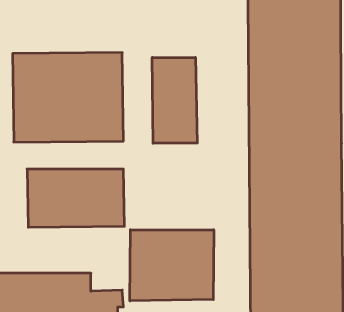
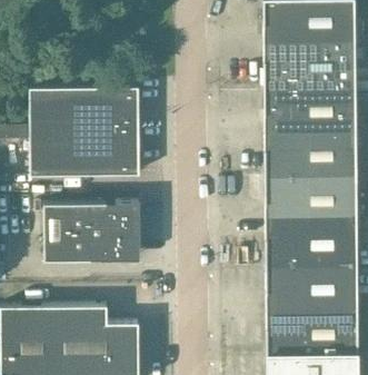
building: [152,57,197,143] -> none
building: [130,230,214,301] -> none

